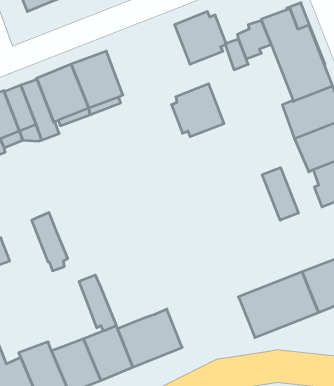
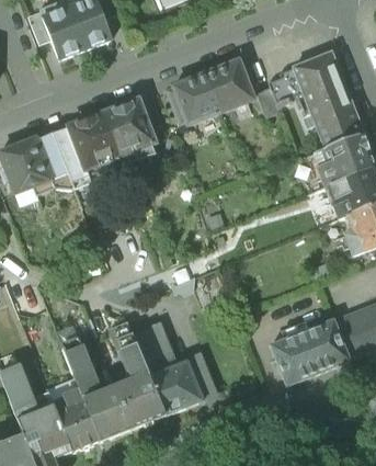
building: [171,84,224,137] -> [169,71,221,124]
building: [262,168,298,220] -> none
building: [32,213,68,271] -> [62,339,99,397]
building: none -> [133,321,176,375]

